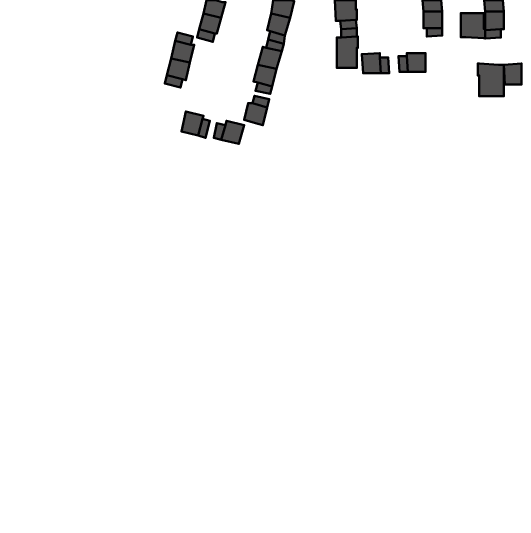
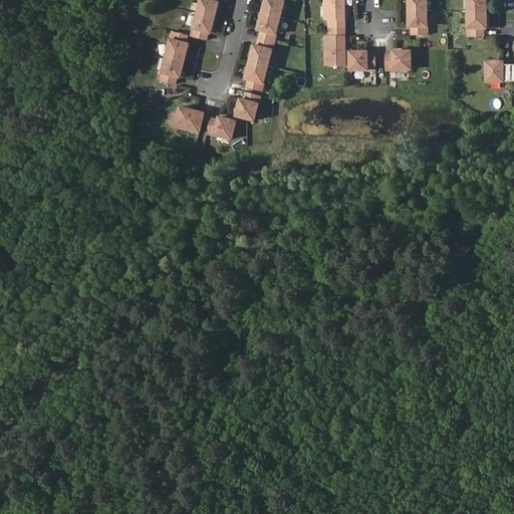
building: [461,13,485,38] -> none
building: [478,64,504,96] -> none

